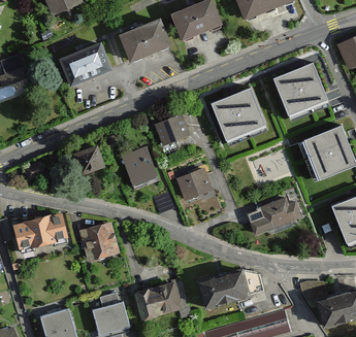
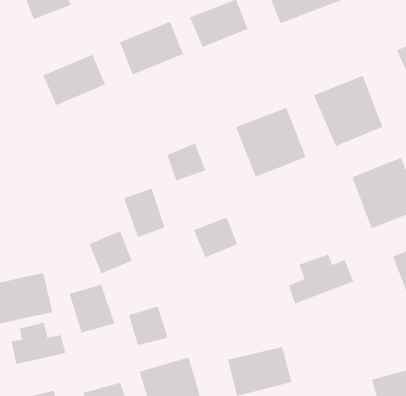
building: [69,141,103,175] -> [89,231,132,274]
building: none -> [128,306,168,346]
building: none -> [11,322,66,365]

